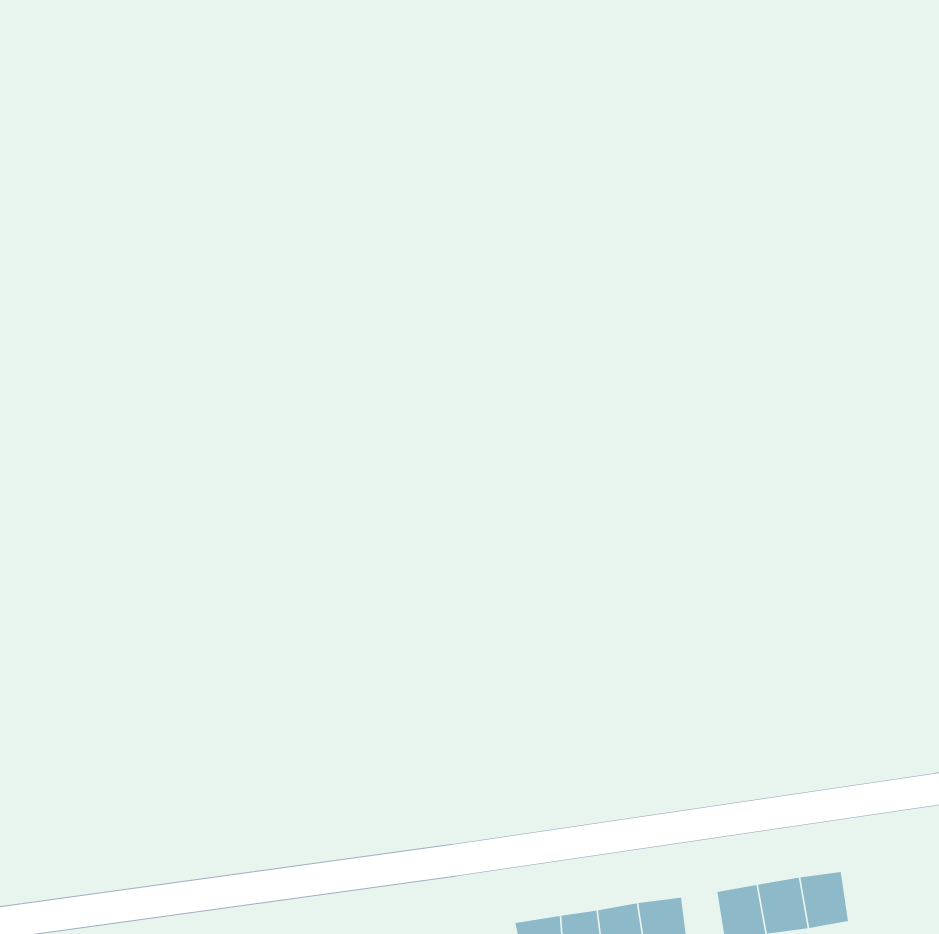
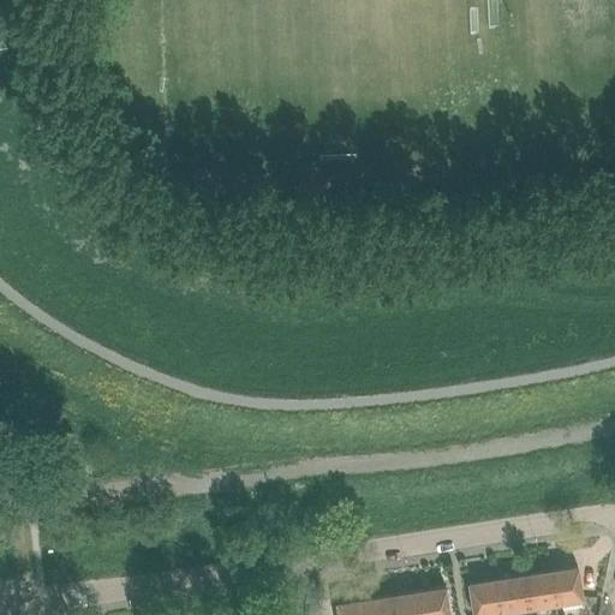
building: none -> [550,568,583,605]

